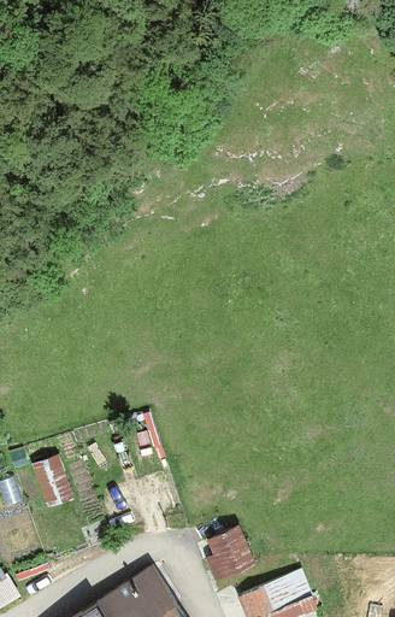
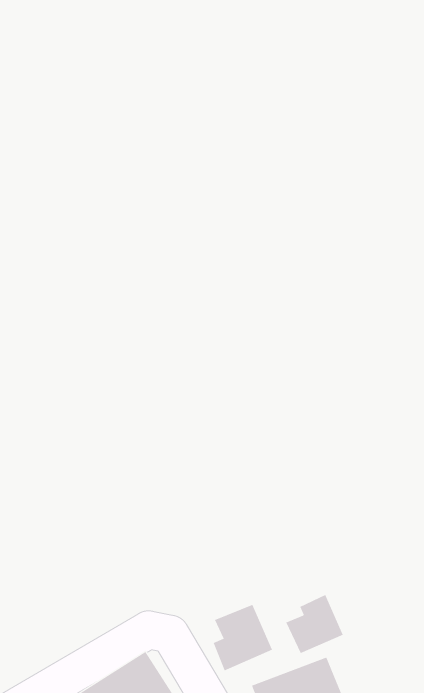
building: [33,456,73,507] -> none
building: none -> [285,594,343,654]

